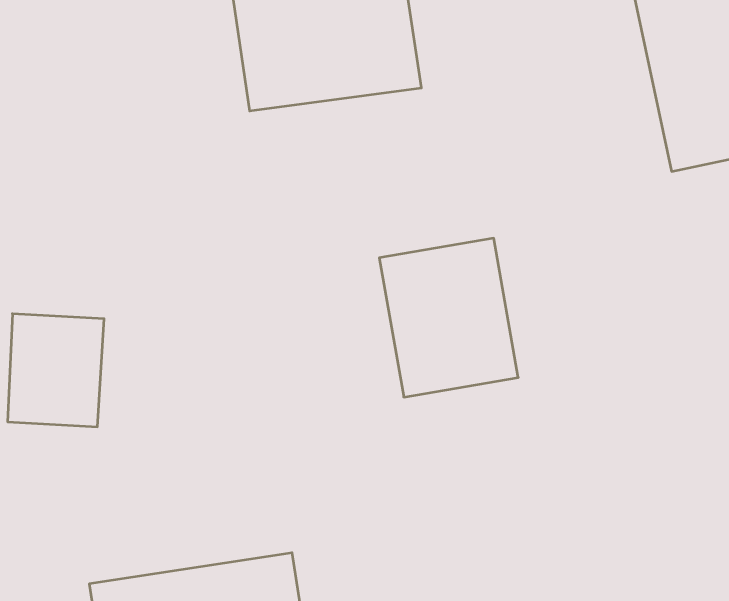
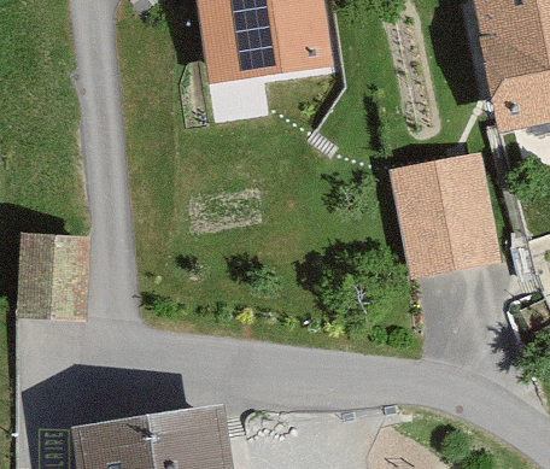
building: [379,238,518,397] -> [386,159,488,276]

